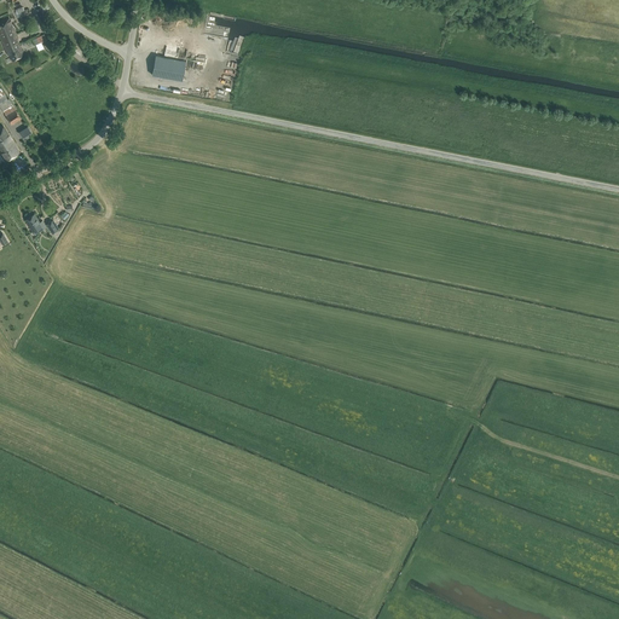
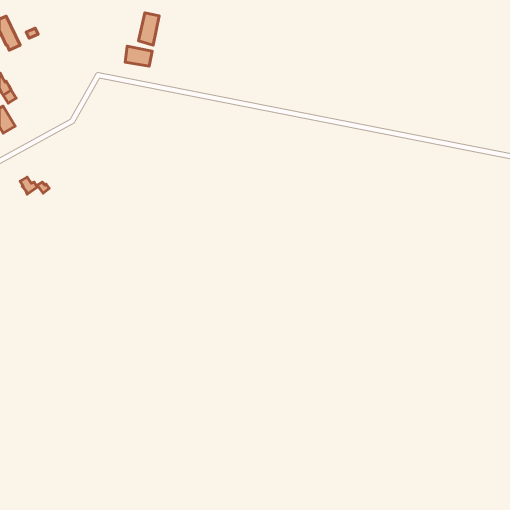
building: none -> [139,13,159,45]

